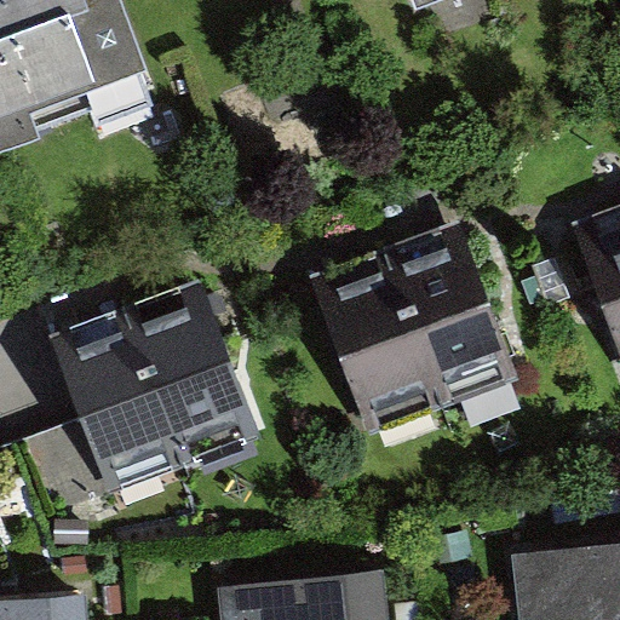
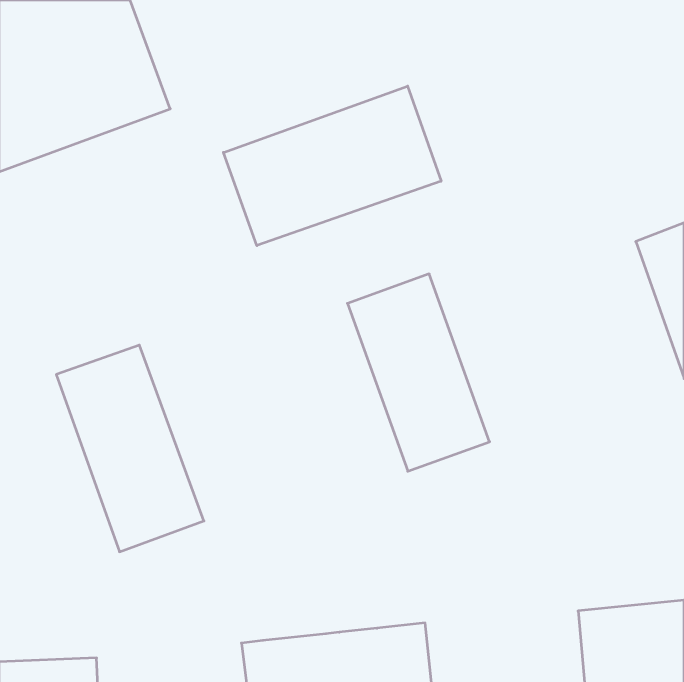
building: none -> [223,86,441,246]
building: [388,224,517,402] -> none
building: [126,287,259,473] -> none

